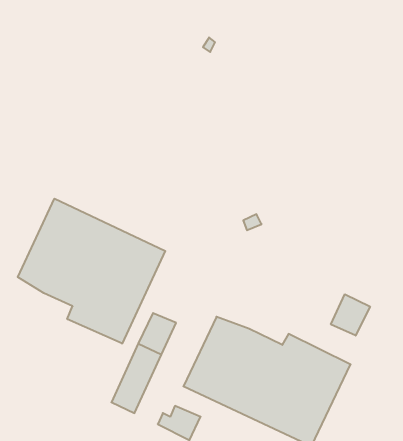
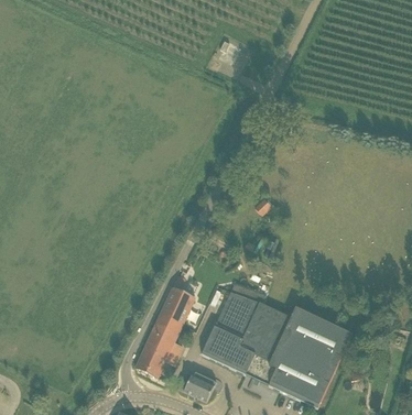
building: [18,199,165,344] -> none
building: [331,294,370,336] -> none

